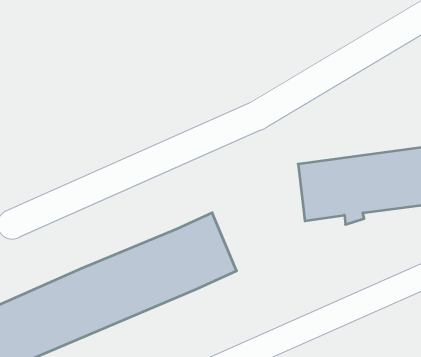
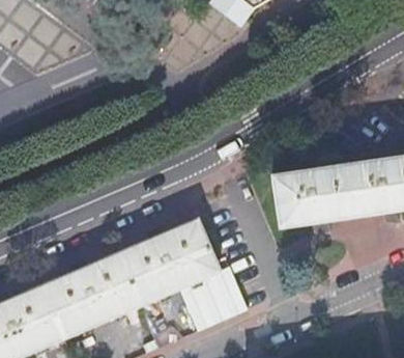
building: none -> [181,265,249,327]

